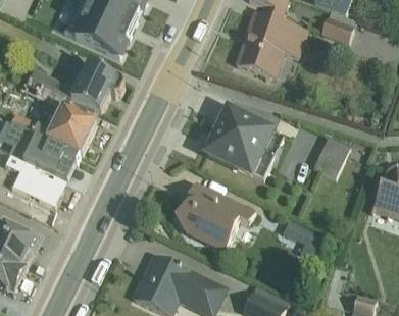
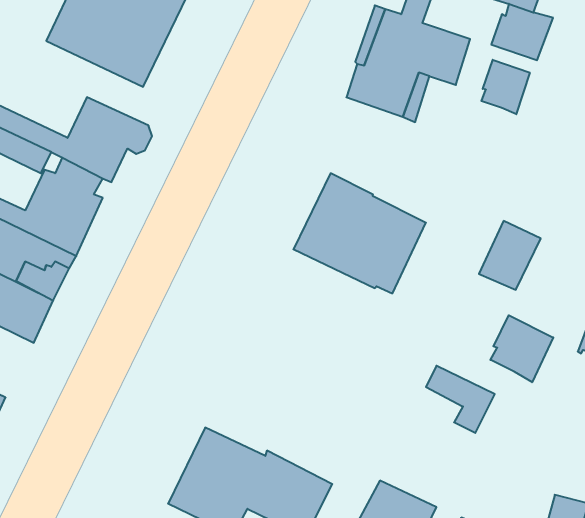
building: none -> [481,60,530,114]
building: [173,182,254,252] -> none
building: none -> [490,315,553,382]

